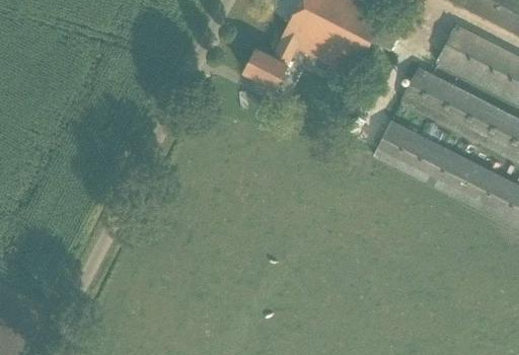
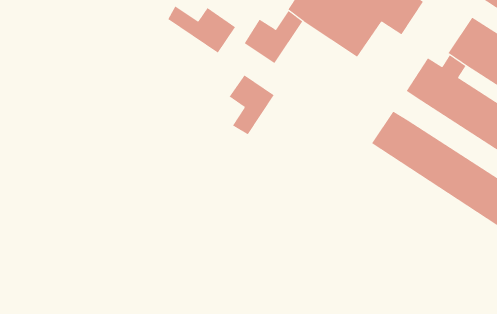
building: none -> [167,5,236,53]
building: none -> [229,75,274,135]

